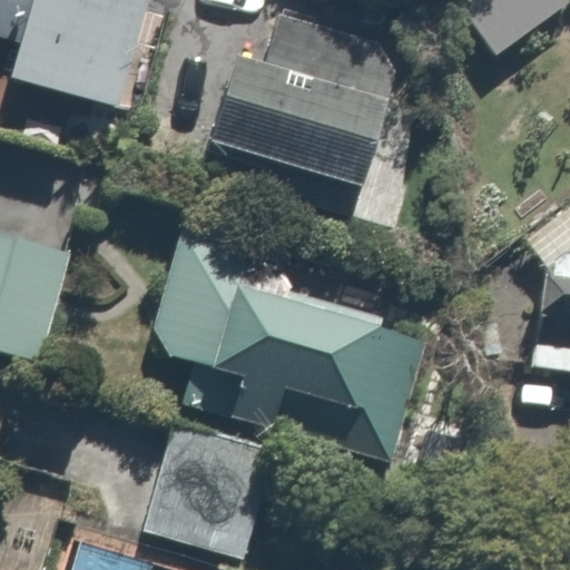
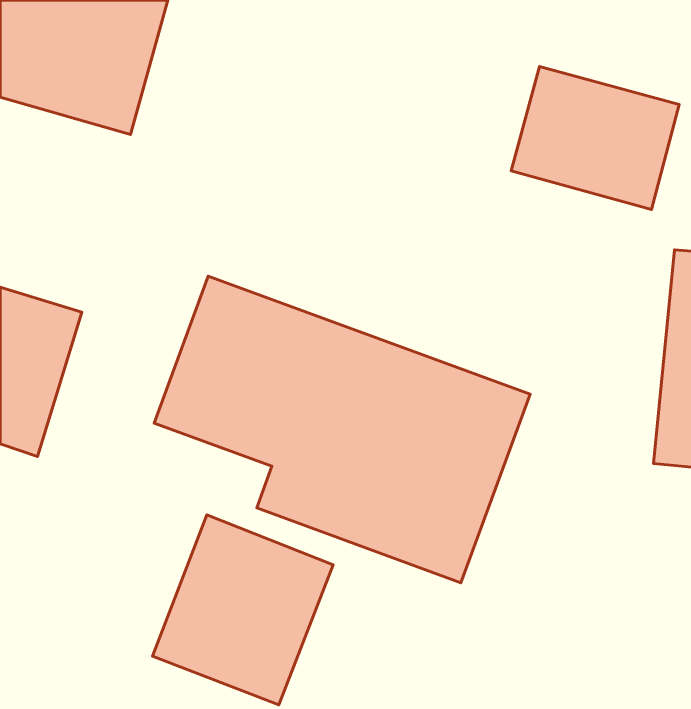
building: [178,17,392,186] -> none
building: none -> [511,67,679,210]

